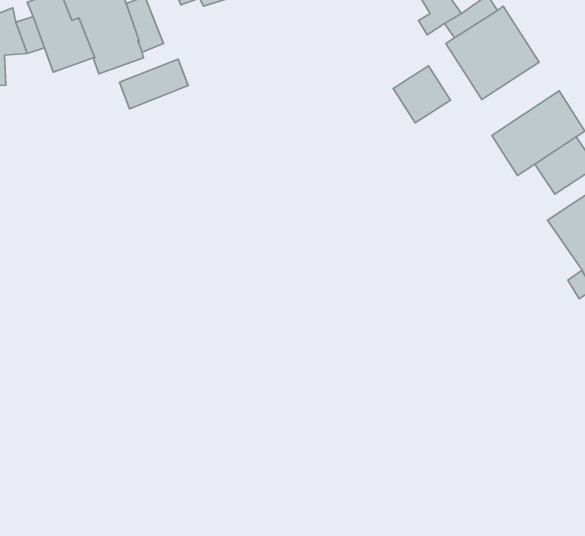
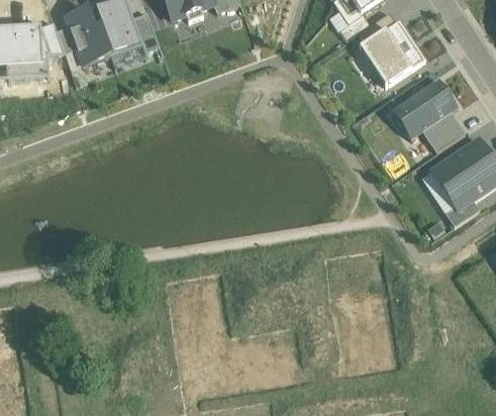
building: [119,59,188,109] -> none
building: [393,66,451,123] -> none

